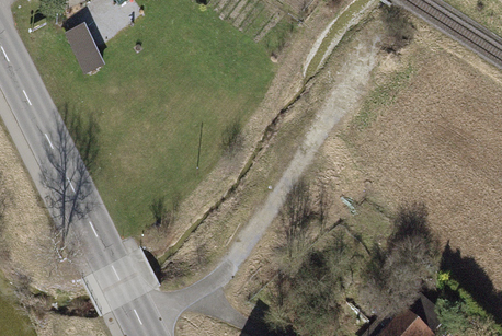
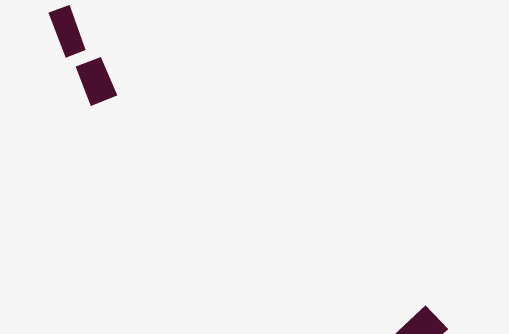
building: none -> [75,56,118,107]

